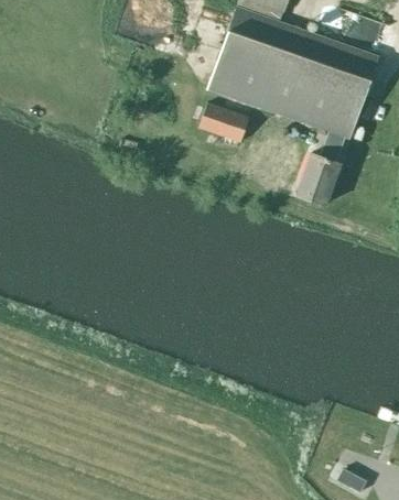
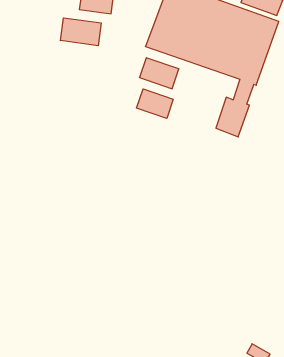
building: none -> [60,18,101,46]
building: none -> [137,89,173,118]

